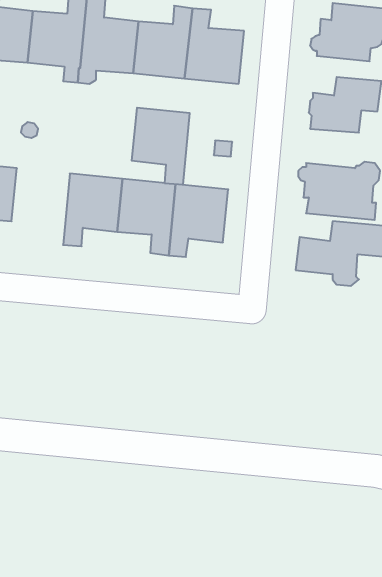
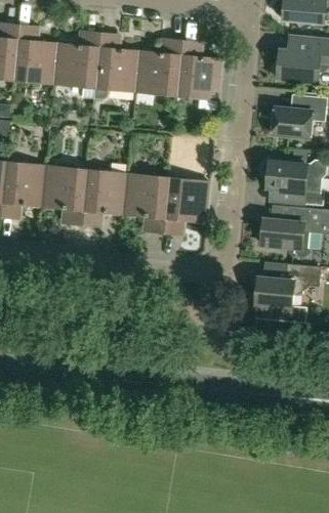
building: [132,108,190,184] -> [40,165,85,224]
building: none -> [255,263,321,323]

